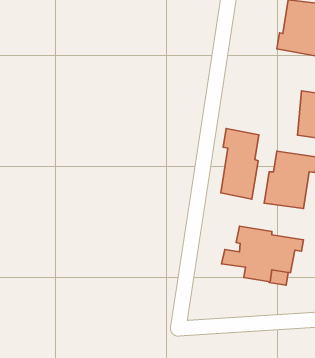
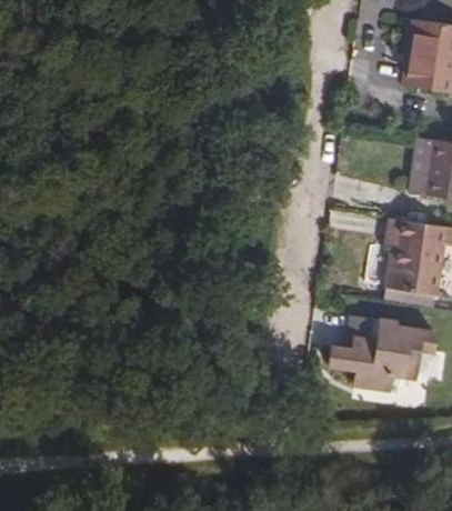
building: [221,129,259,199] -> none

